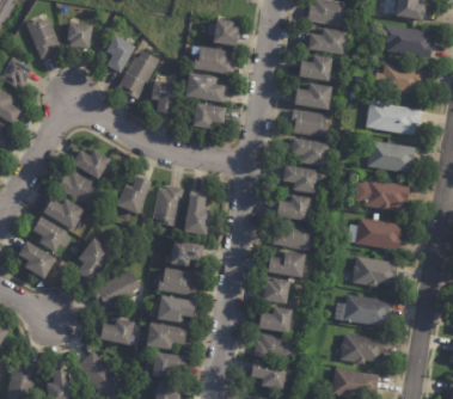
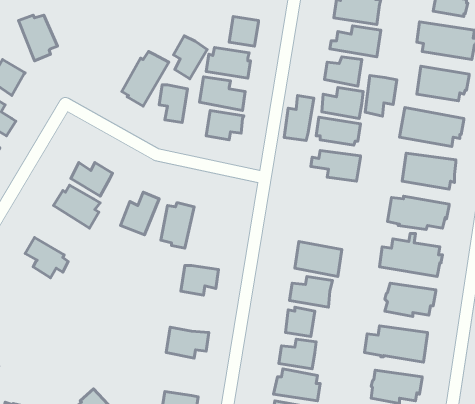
building: [65,22,91,48] -> none
building: [105,35,135,73] -> [174,36,207,79]
building: none -> [365,76,397,116]
building: none -> [284,95,314,141]
building: [282,165,319,194] -> none
building: [183,191,210,235] -> none
building: [276,195,311,221] -> none
building: [42,198,84,231] -> none
building: [74,238,112,286] -> none
building: [17,241,55,278] -> none
building: [157,268,197,294] -> none
building: [91,269,139,309] -> none
building: [99,319,133,345] -> none
building: [146,324,189,351] -> none

